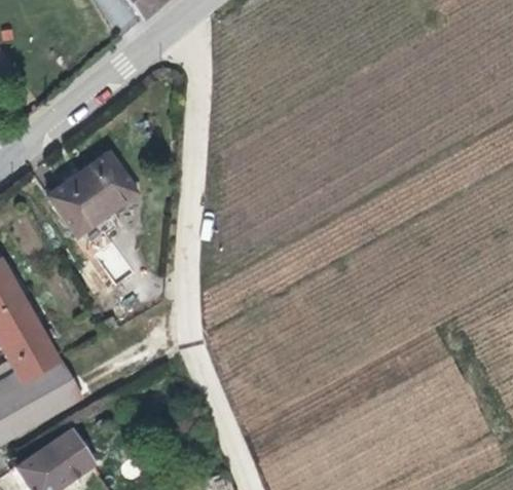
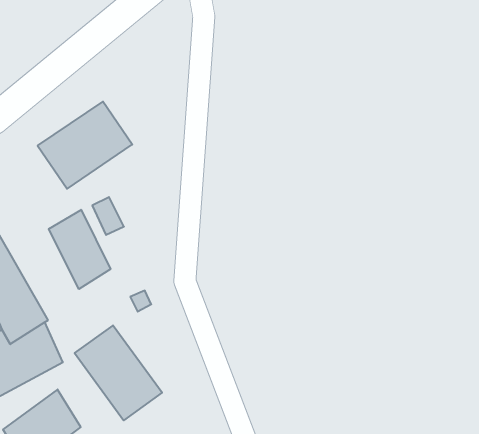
building: none -> [49,210,110,289]
building: none -> [75,325,162,420]

